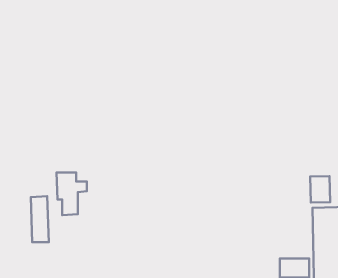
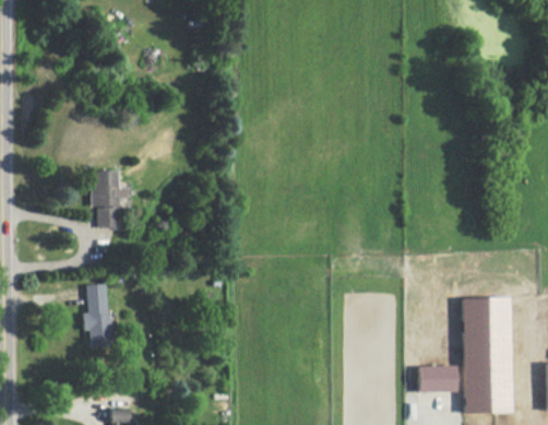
building: [57,172,87,215] -> [91,170,131,227]
building: [310,176,330,203] -> none

